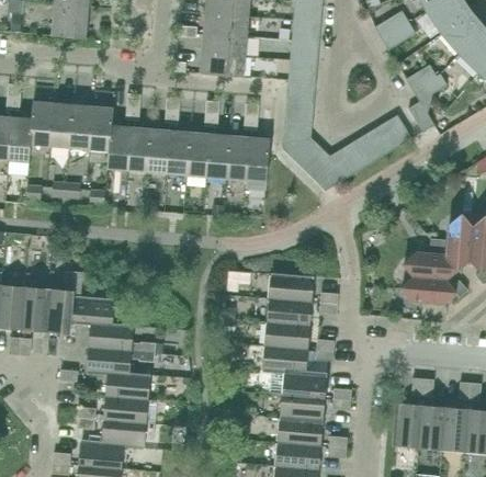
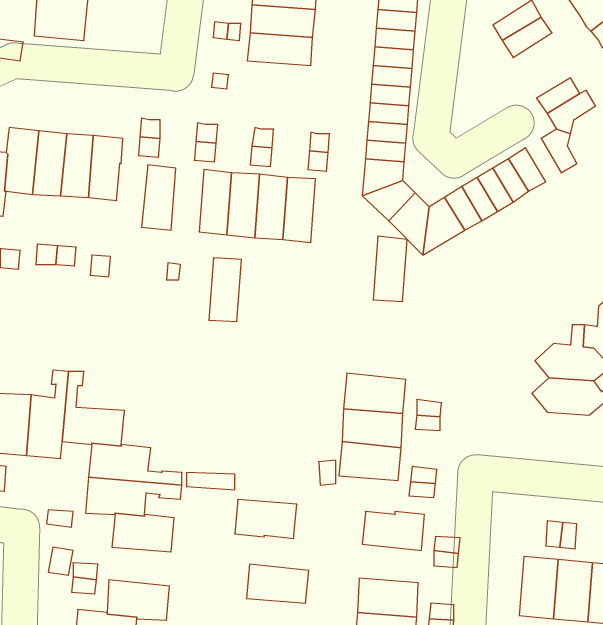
building: [199,53,246,77] -> none
building: [106,125,131,170] -> none
building: [147,128,170,173] -> [209,258,241,322]
building: [246,136,270,182] -> [373,236,407,302]
building: [263,345,307,373] -> [235,500,297,538]
building: [280,394,324,421] -> [246,564,309,603]
building: [103,396,147,423] -> none

